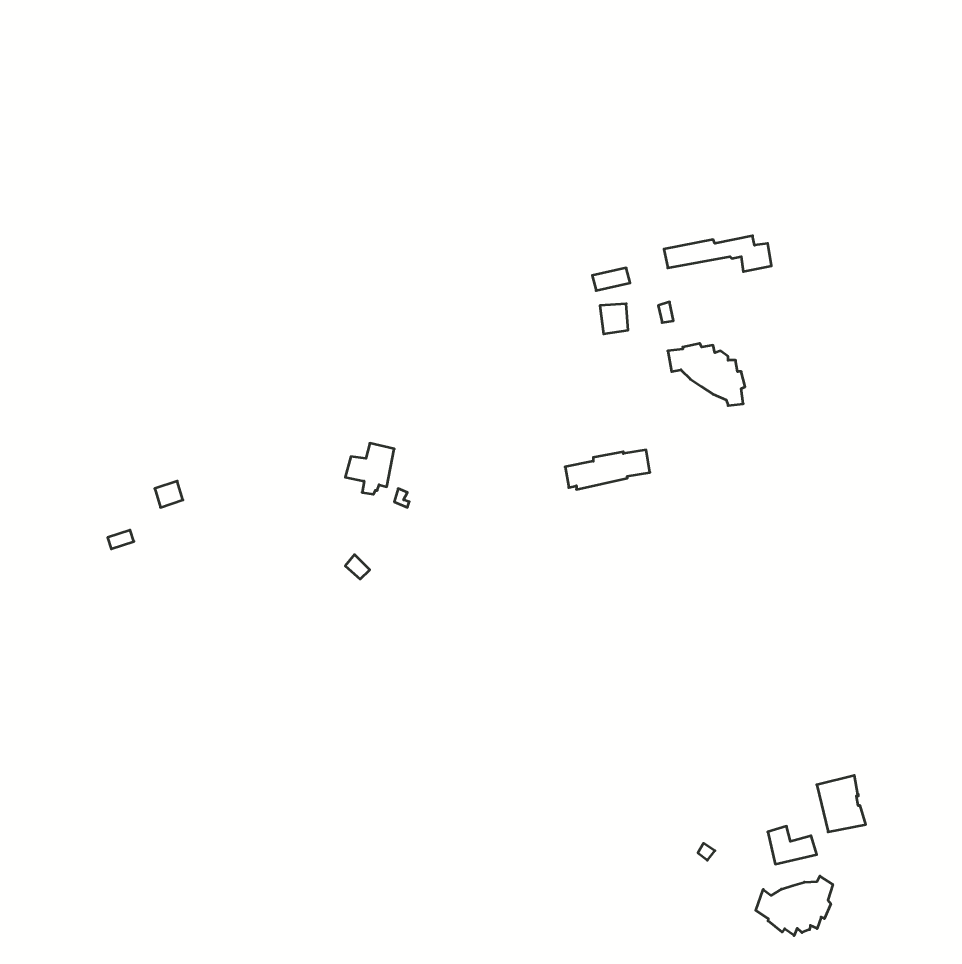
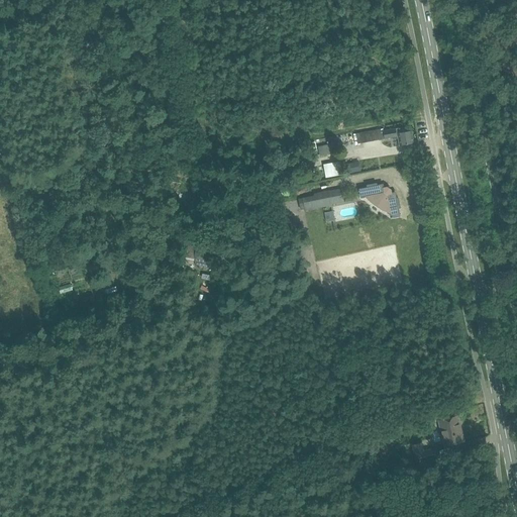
building: [565,450,650,489] -> [298,190,343,211]
building: [756,876,833,936] -> none

